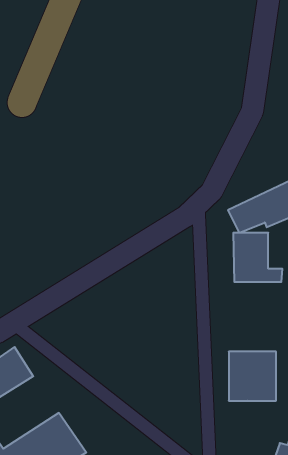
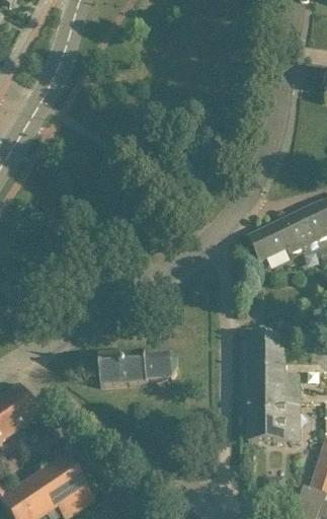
building: [233,233,282,282] -> [248,335,301,387]
building: none -> [99,351,178,385]

